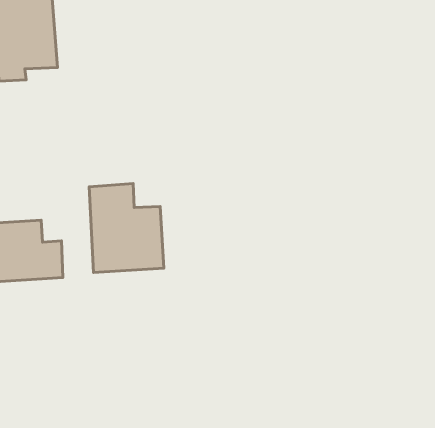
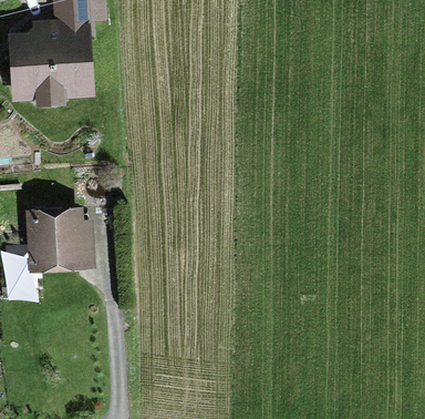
building: [89,184,164,273] -> none

